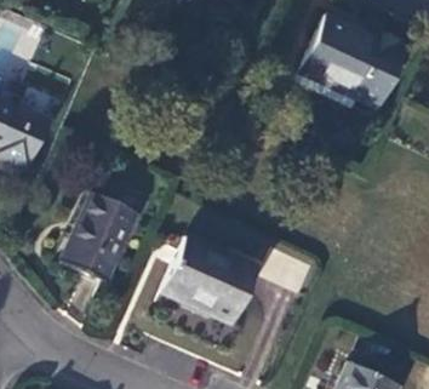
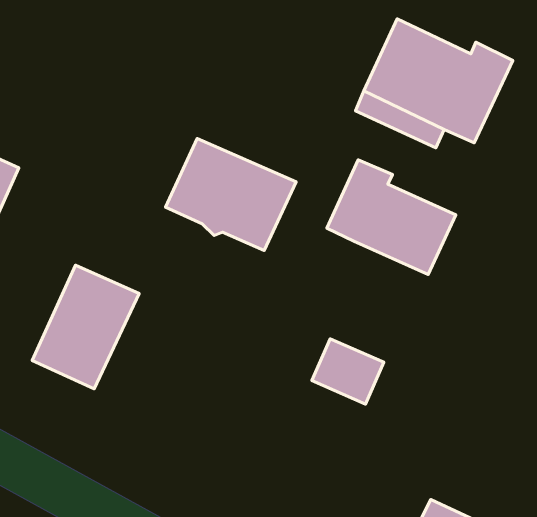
building: none -> [327,160,456,275]
building: [162,236,257,318] -> [165,138,296,251]

